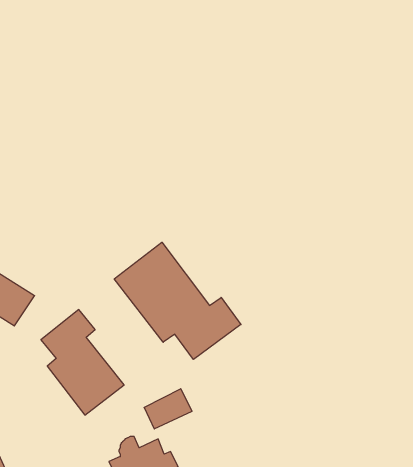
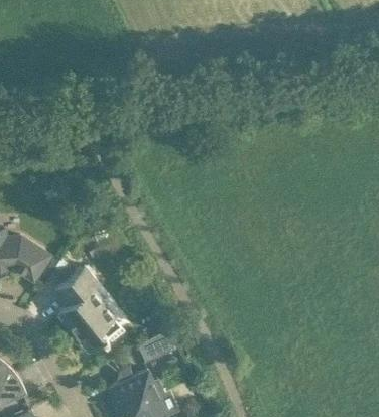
building: [114,242,241,359] -> none

